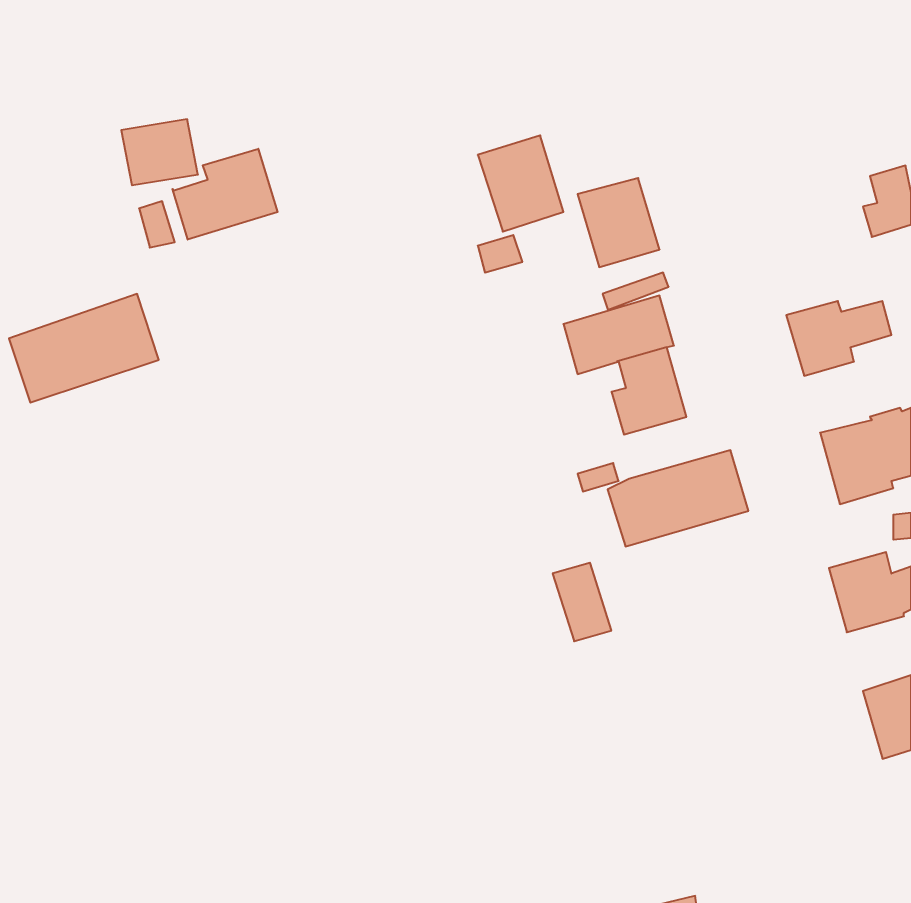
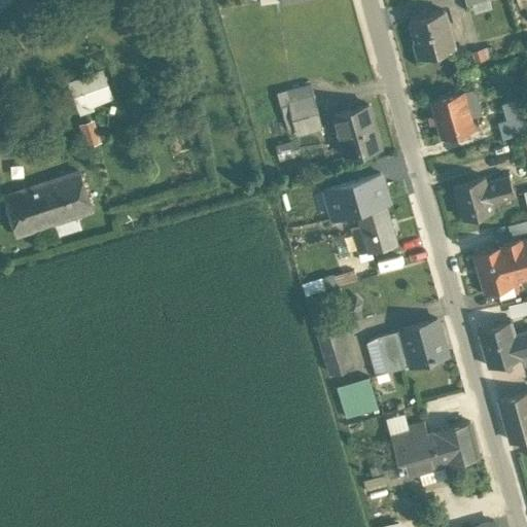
building: none -> [410,12,455,61]
building: [172,149,278,240] -> none
building: none -> [430,91,482,141]
building: [608,450,748,546] -> [366,321,448,377]
building: none -> [335,378,378,419]
building: none -> [391,423,480,480]

